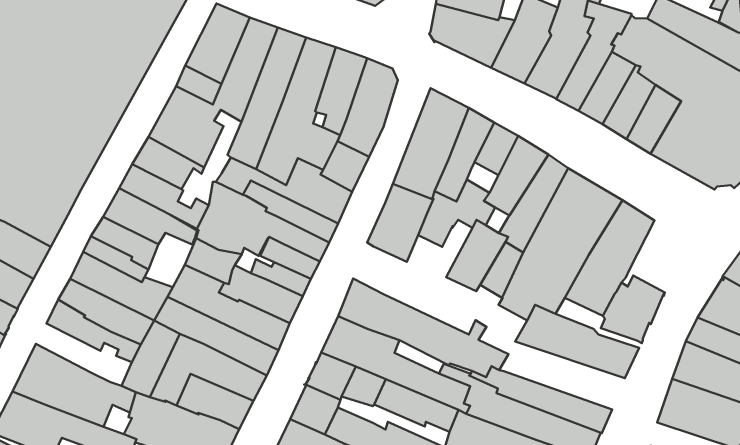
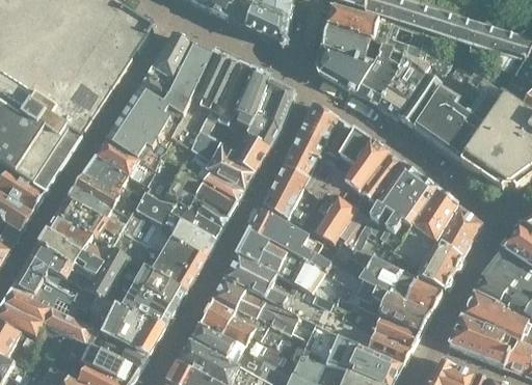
building: none -> [433,205,479,255]
building: none -> [250,209,331,273]
building: none -> [30,242,75,278]
building: none -> [348,280,430,332]

